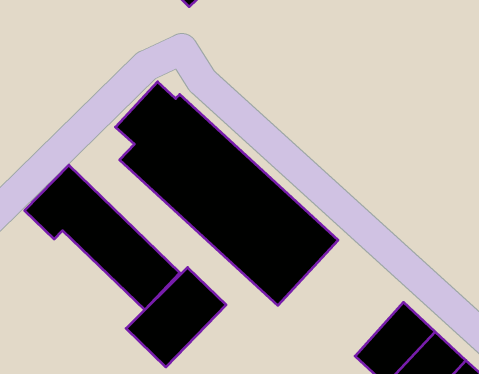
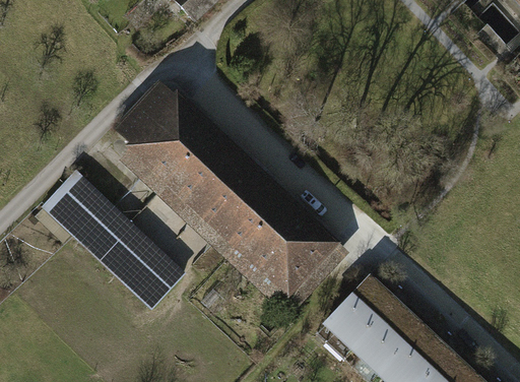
building: [126,267,226,367] -> none
building: none -> [322,274,399,354]

